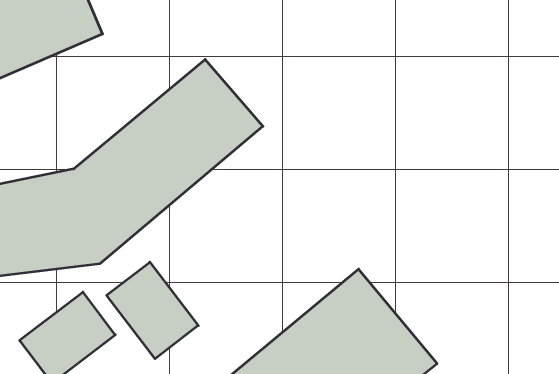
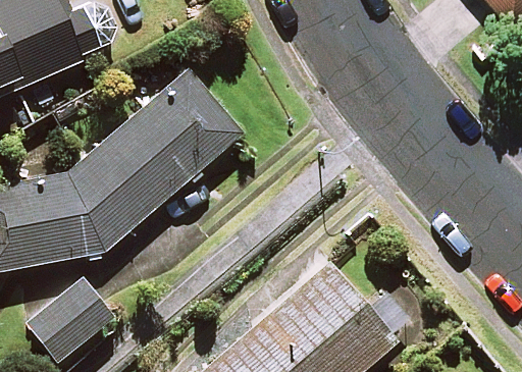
building: [107,262,198,359] -> none

